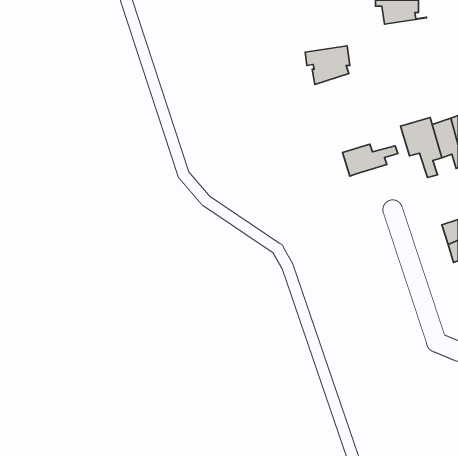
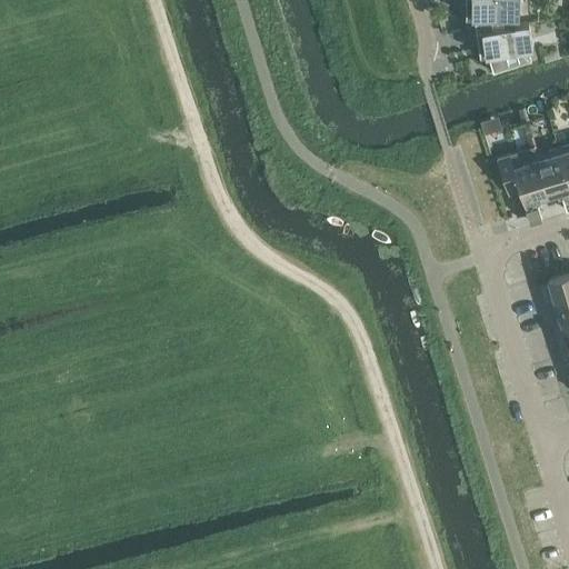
building: [305,46,350,84] -> [477,24,532,72]
building: [343,144,398,176] -> none

